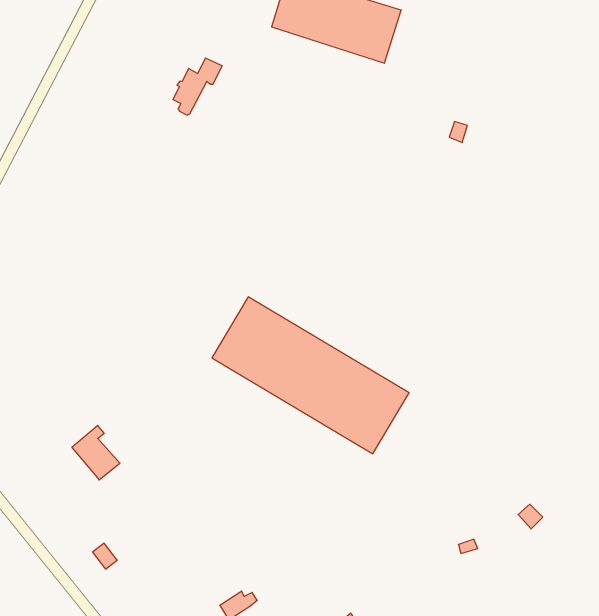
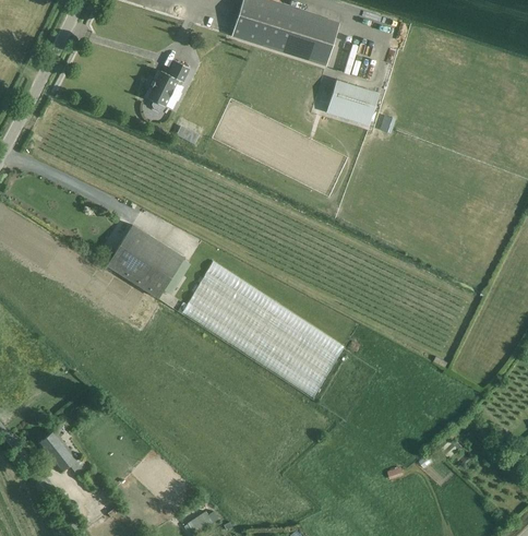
building: none -> [325,79,379,126]
building: none -> [106,225,183,298]
building: [72,425,120,480] -> [37,427,77,473]

